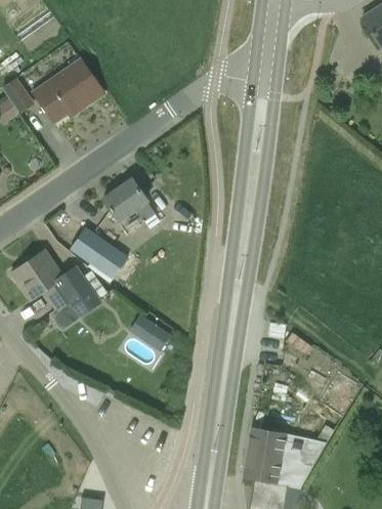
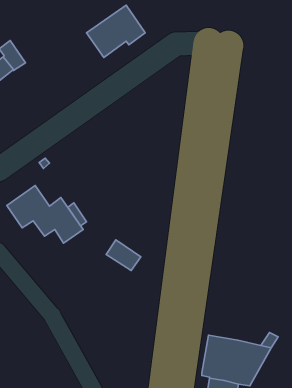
building: [34,58,103,121] -> [87,5,145,58]
building: [102,177,156,221] -> none
building: [71,228,125,280] -> none

